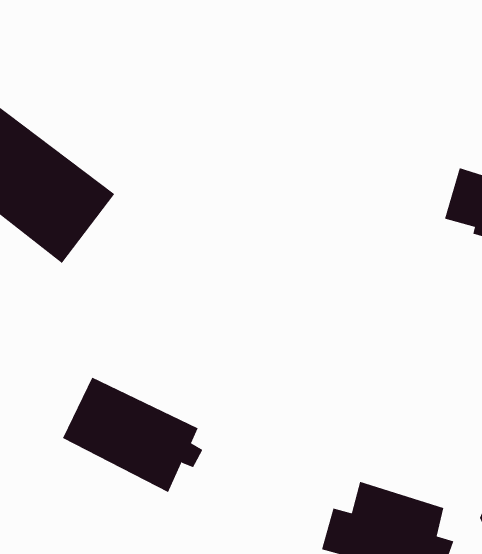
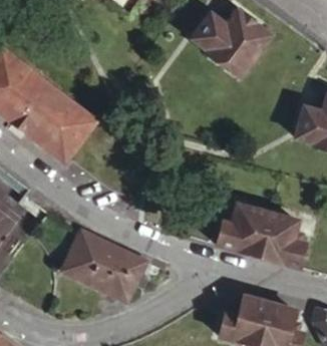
building: none -> [192,8,270,76]
building: none -> [212,204,304,265]

